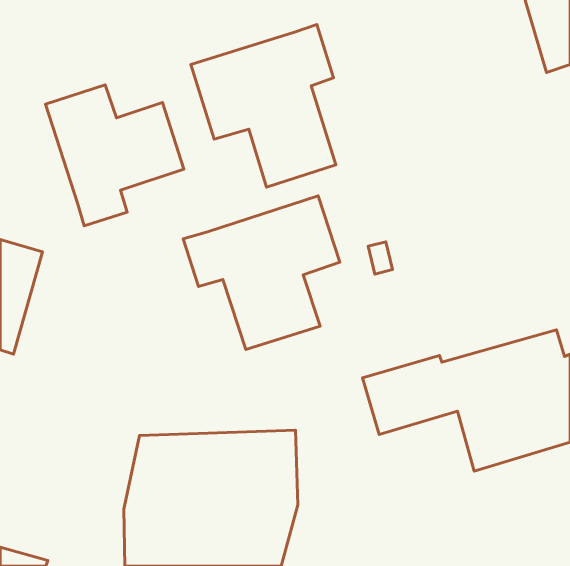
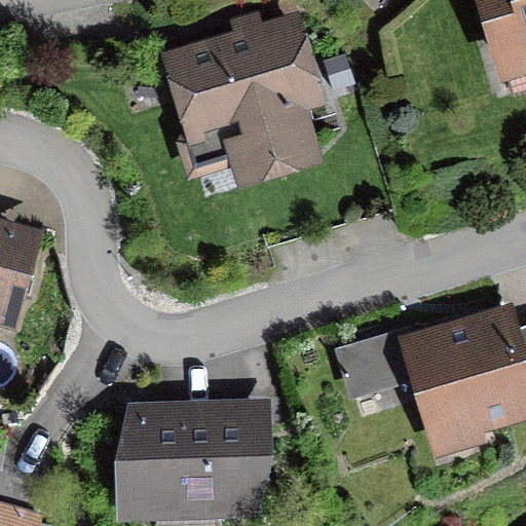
building: [45,85,184,226] -> none
building: [183,196,340,349] -> none

